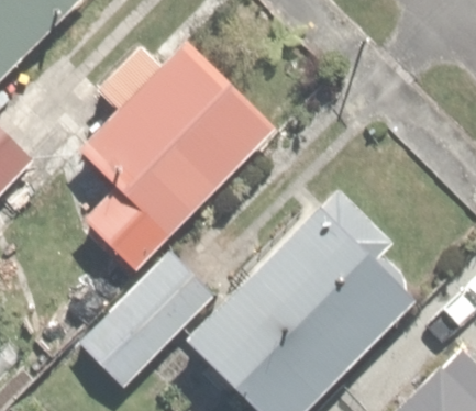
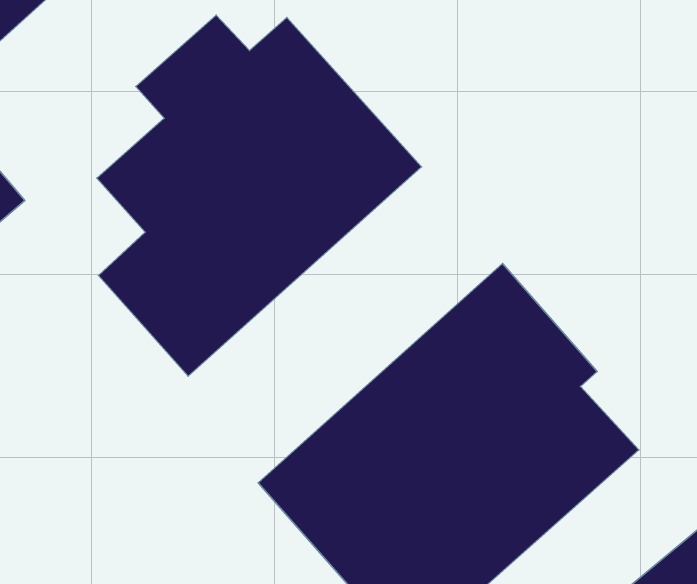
building: [82,259,207,385] -> none

